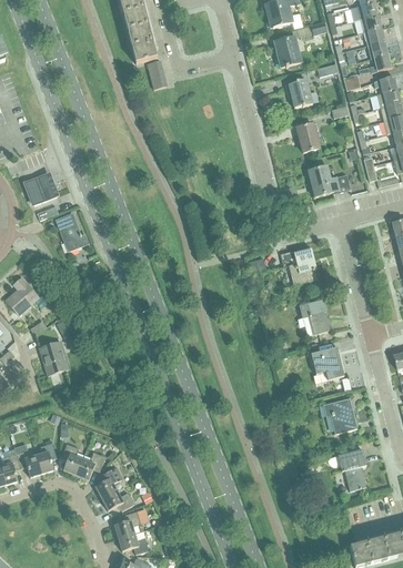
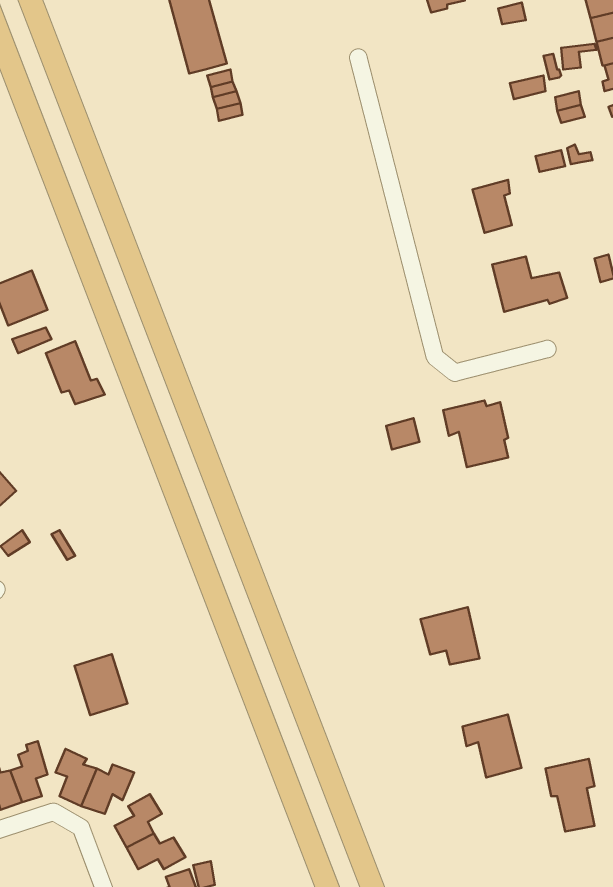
building: [274,37,300,67] -> none
building: [285,77,313,108] -> none
building: [299,298,331,333] -> none
building: [39,341,69,375] -> [75,654,128,715]
building: [310,346,343,378] -> [420,607,479,664]
building: [323,397,356,433] -> [463,715,522,778]

